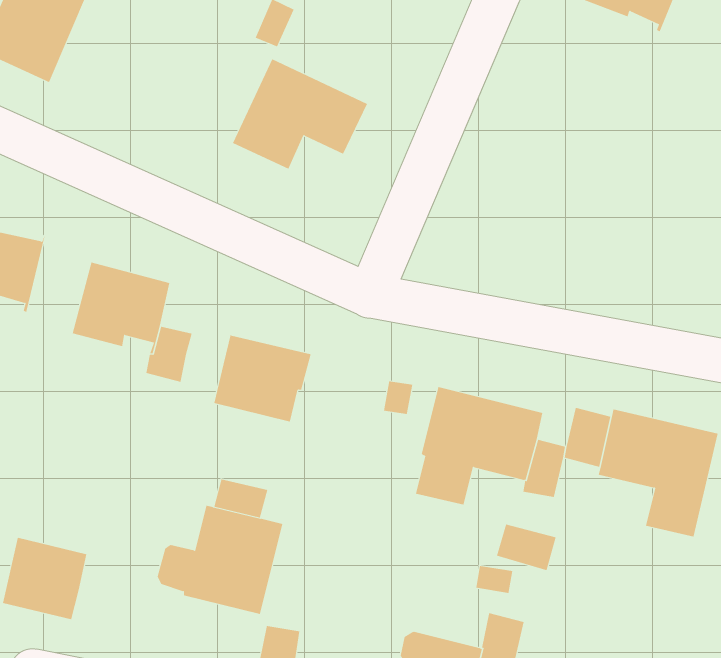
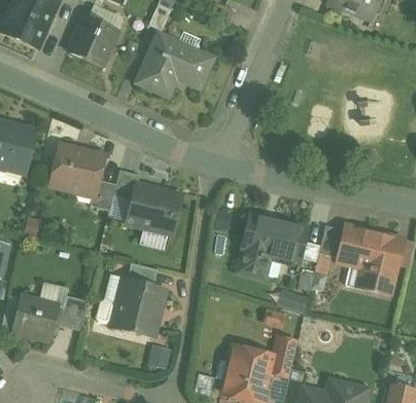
building: none -> [68,14,116,66]
building: none -> [112,170,139,200]
building: none -> [54,295,86,330]

